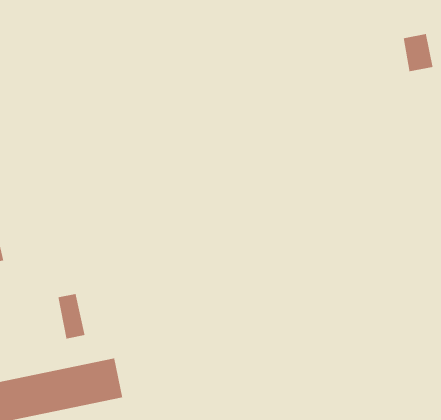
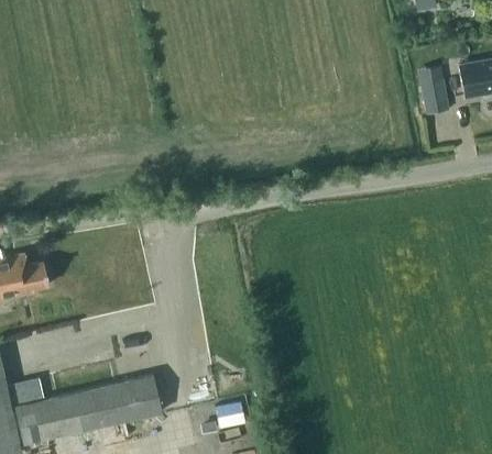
building: [57,293,85,340] -> none

